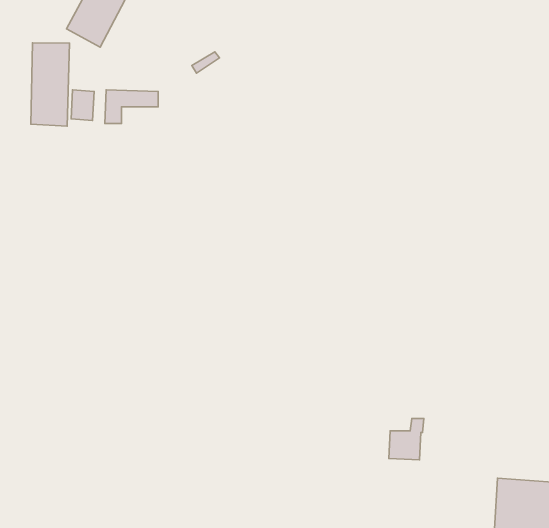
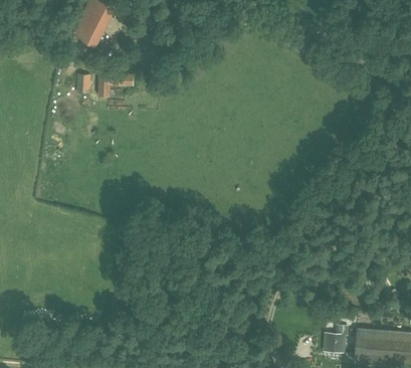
building: [31,43,70,126] -> none
building: [389,419,424,460] -> [323,328,346,355]

